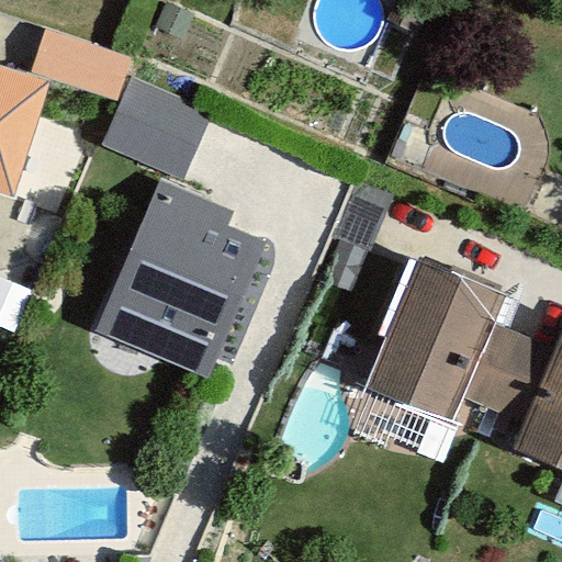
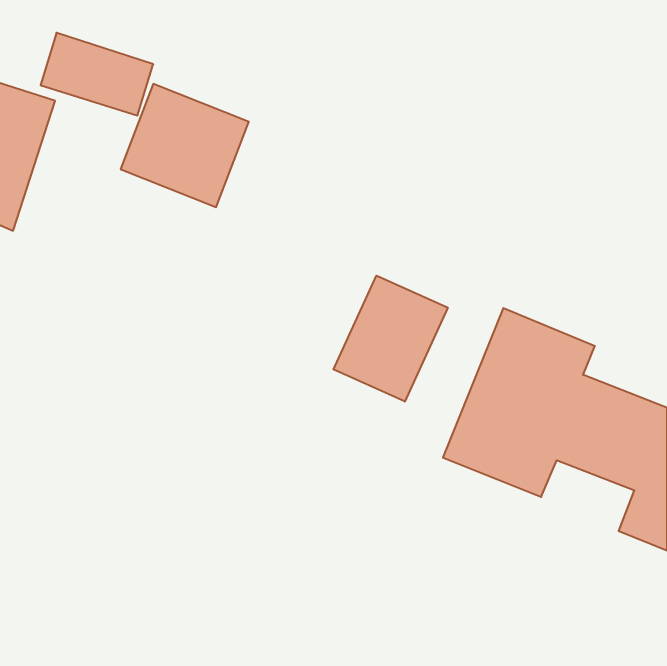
building: [98,189,261,382] -> none
building: none -> [334,276,448,402]

